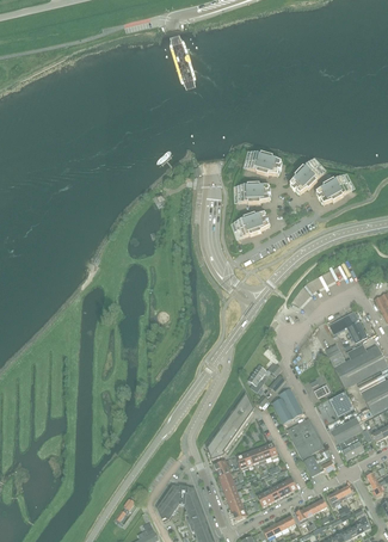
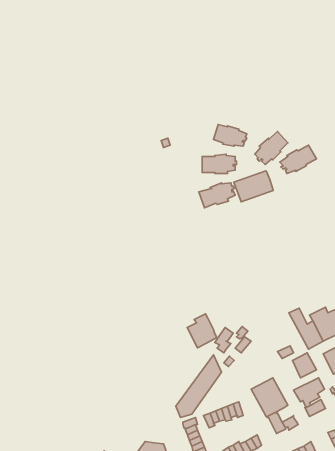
building: none -> [234,171,273,202]
building: [328,310,367,341] -> none
building: [271,387,302,423] -> [187,314,217,348]

